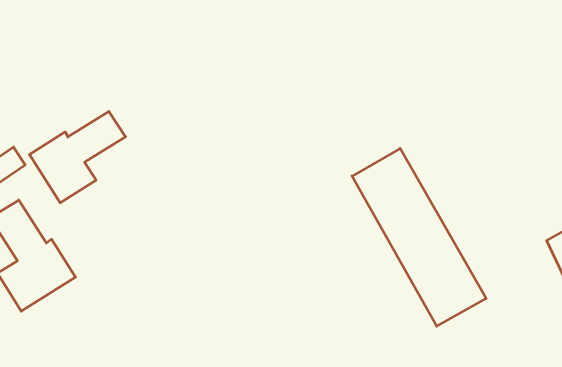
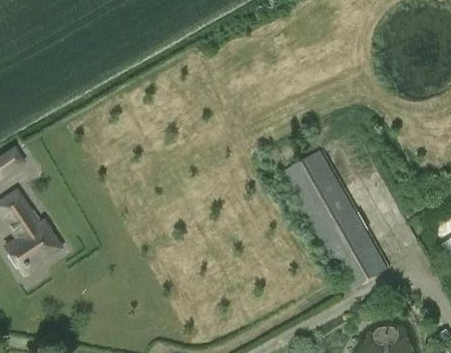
building: [29,111,126,203] -> none

